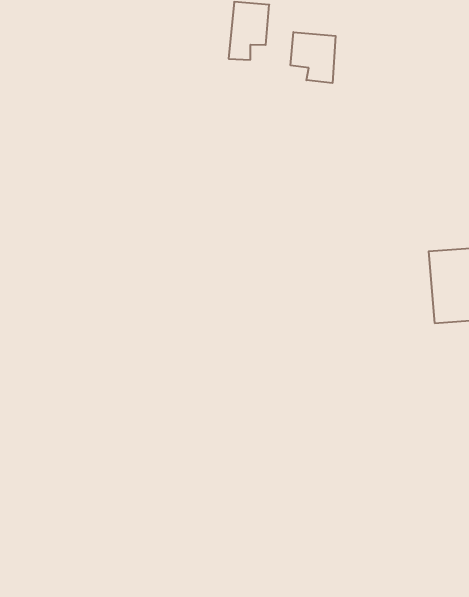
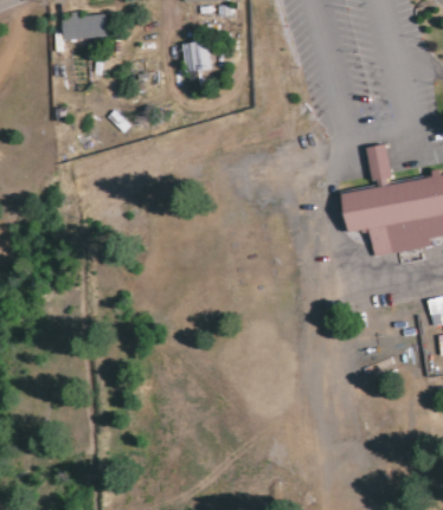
building: [291,32,336,83] -> none

